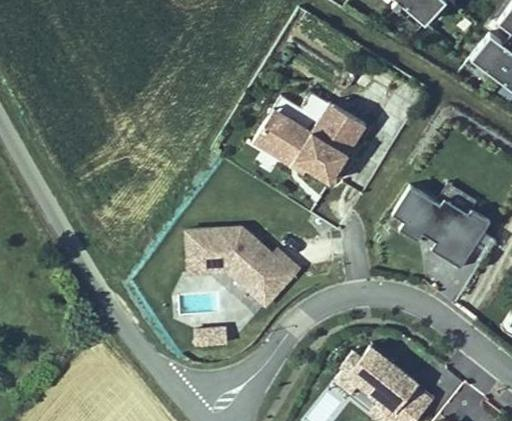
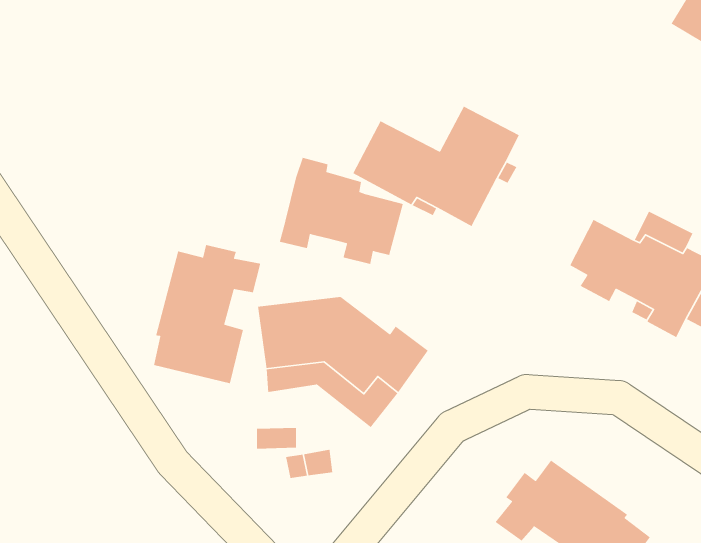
building: none -> [279,157,404,265]
building: none -> [153,244,261,384]

